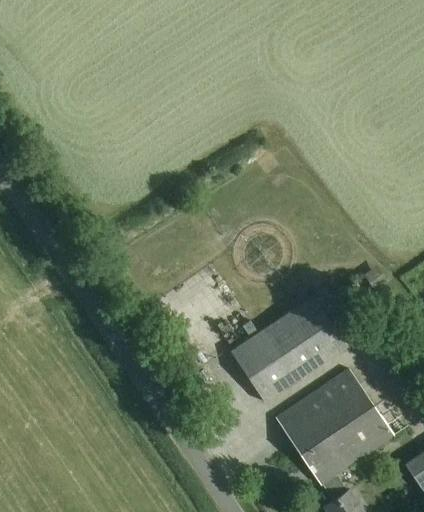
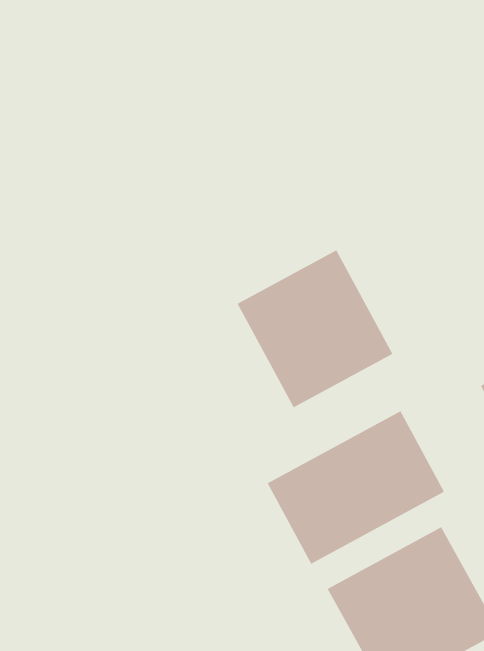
building: none -> [237,249,393,408]

